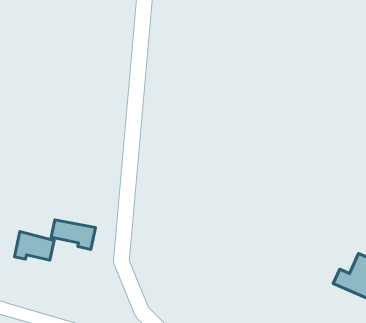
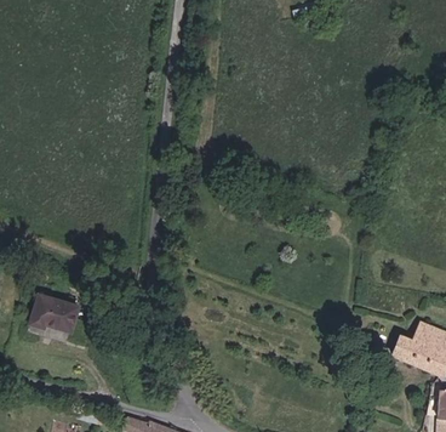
building: [51,220,96,250] -> none

